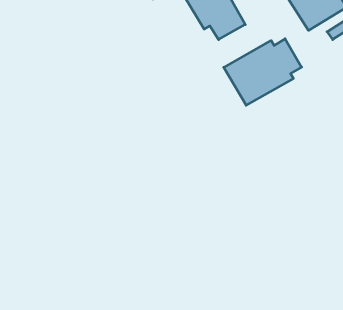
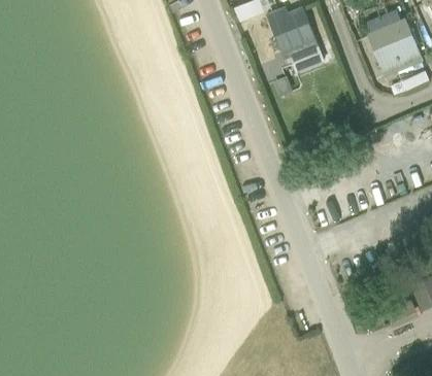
building: [224,39,302,105] -> none

